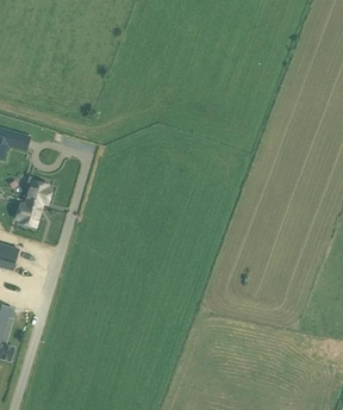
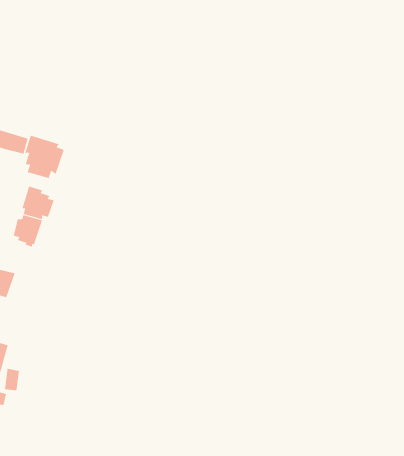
building: none -> [25,135,64,179]

